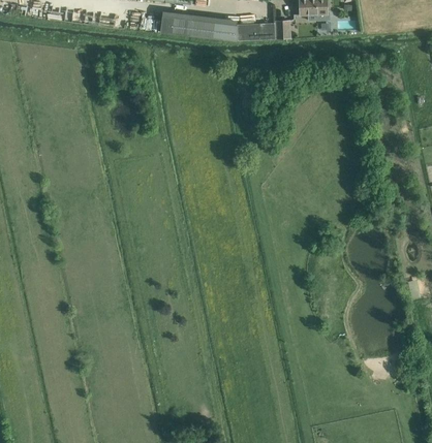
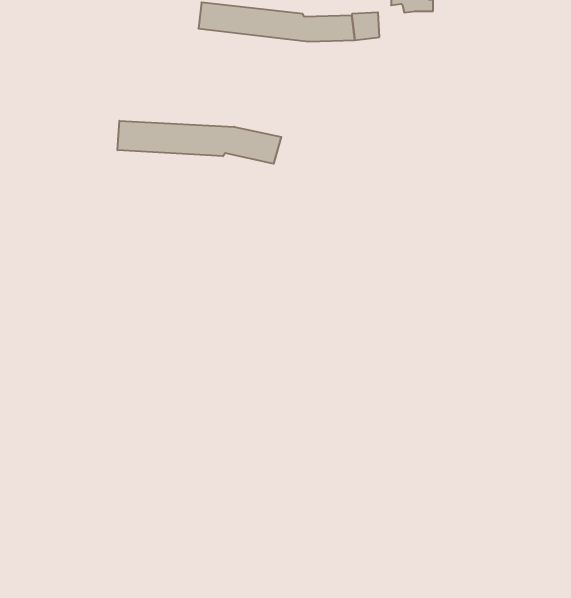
building: none -> [118,121,281,164]

